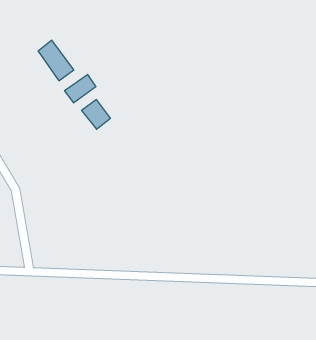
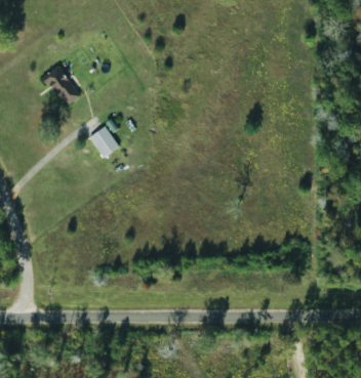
building: [65,74,96,103] -> none

